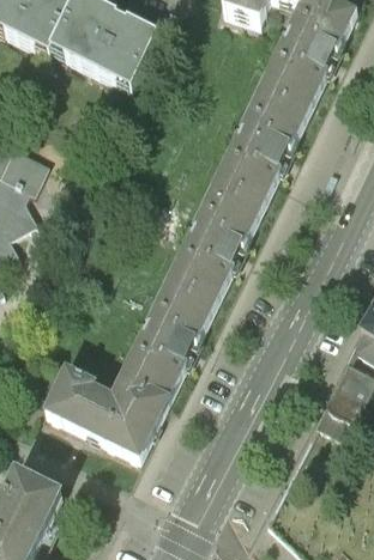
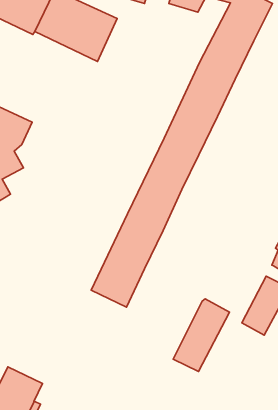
building: [46,369,168,457] -> none
building: none -> [173,299,229,372]

